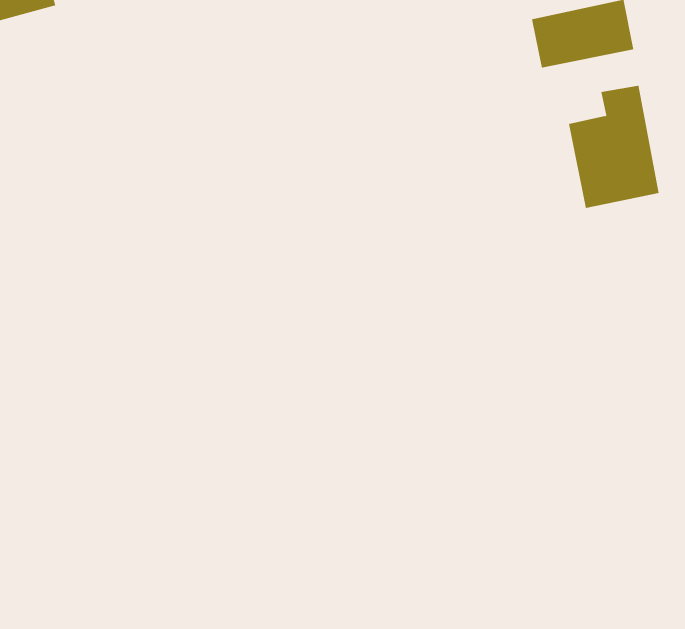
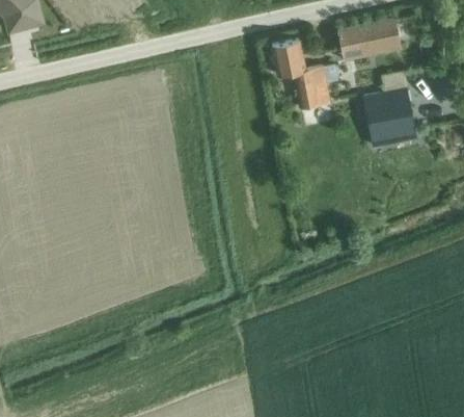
building: none -> [272,40,330,108]

